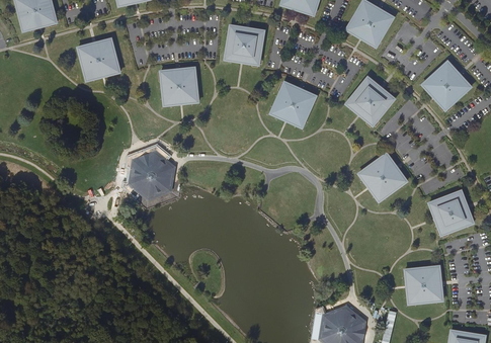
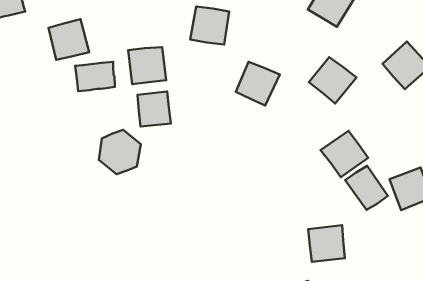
building: none -> [75,62,115,91]
building: none -> [138,92,171,126]
building: none -> [345,166,388,210]
building: [405,267,443,306] -> [308,225,345,262]

